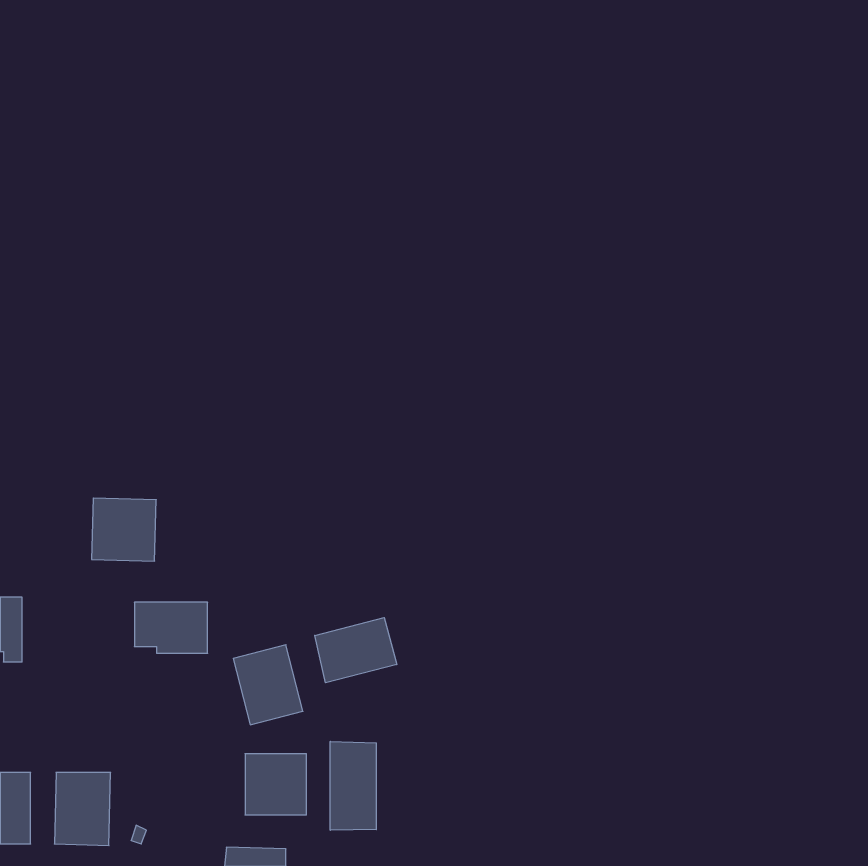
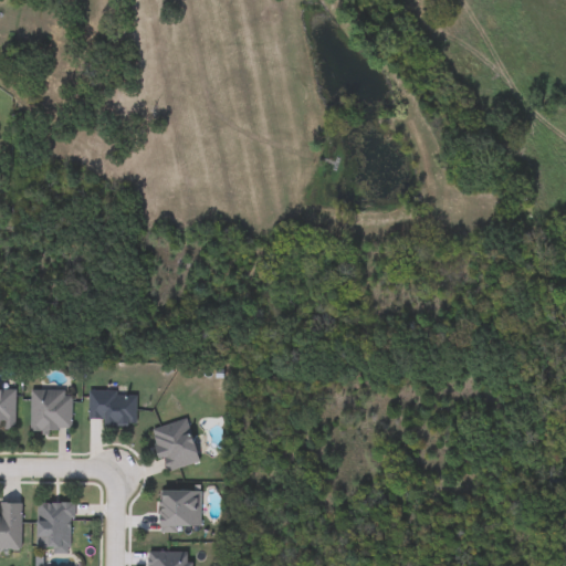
building: [92,498,156,561] -> [30,389,72,430]
building: [315,618,397,683] -> none
building: [330,741,376,830] -> none

